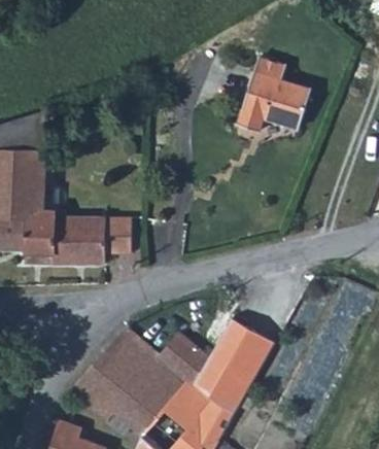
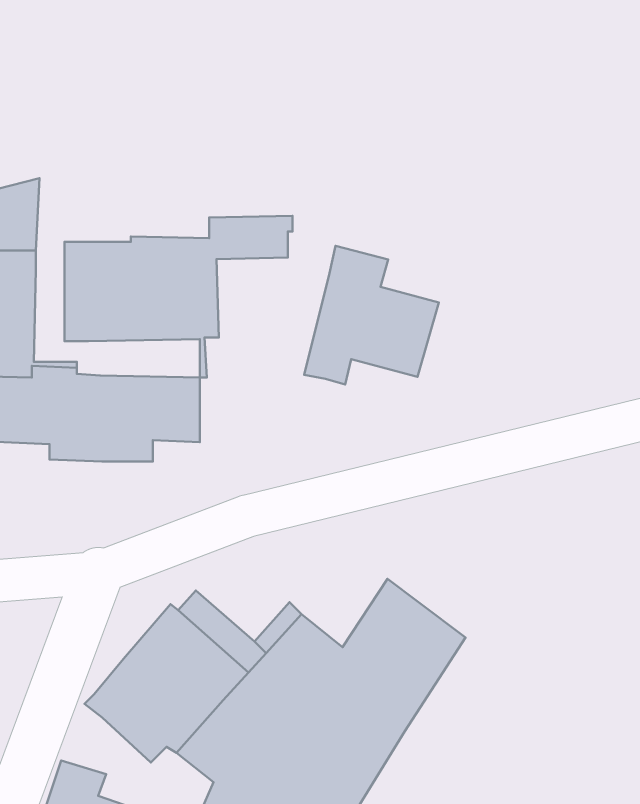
building: [239,59,310,132] -> [304,246,439,385]
building: none -> [64,216,292,378]

